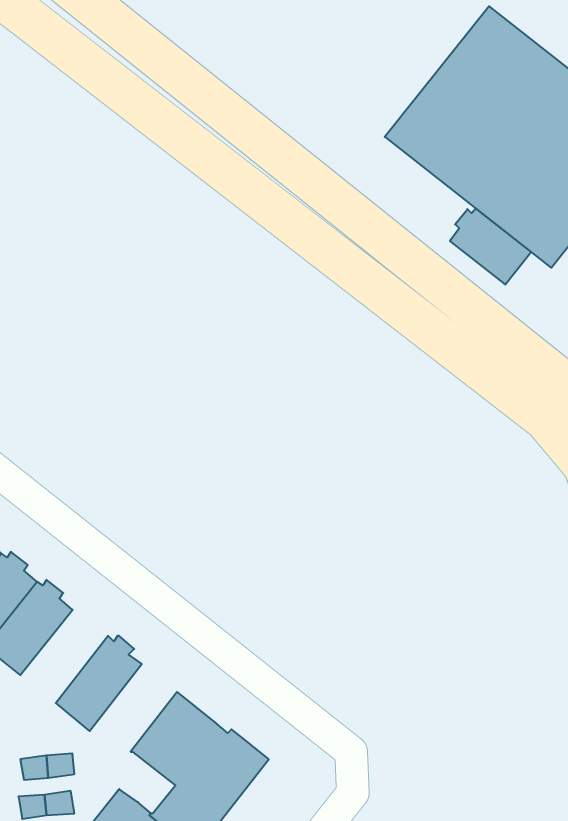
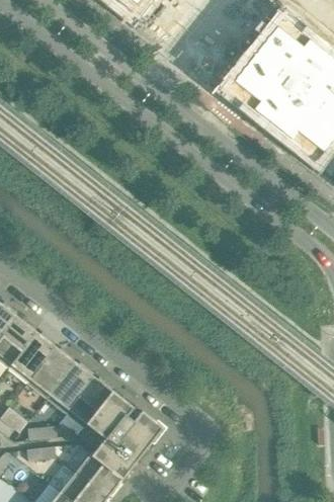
building: [450,209,531,285] -> none
building: none -> [26,347,74,398]
building: none -> [64,377,111,428]

